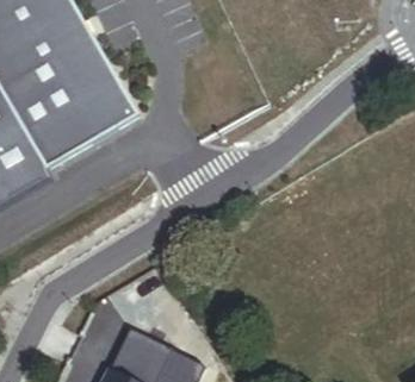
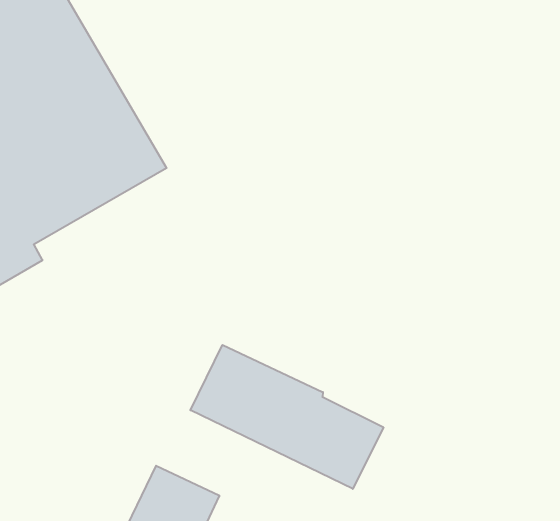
building: none -> [190,345,383,489]

